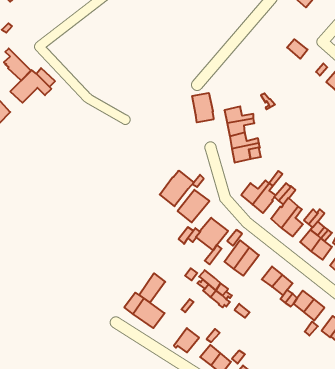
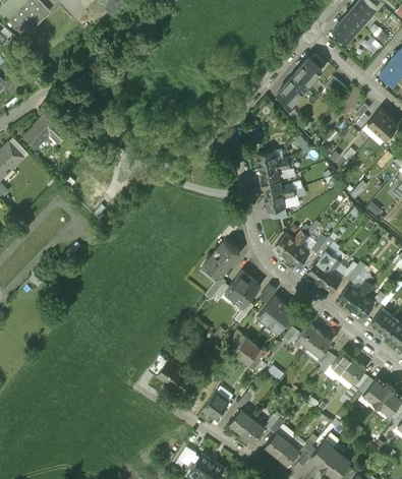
building: none -> [278,60,322,105]
building: [4,48,31,81] -> none
building: [192,93,214,122] -> none
building: [160,171,194,206] -> none
building: [139,273,165,303] -> none

